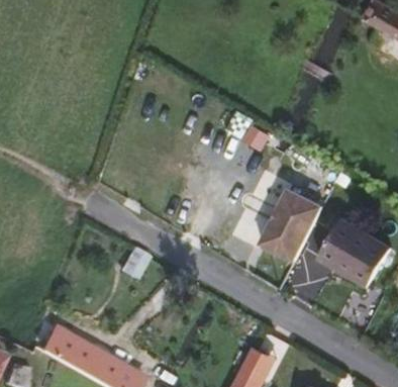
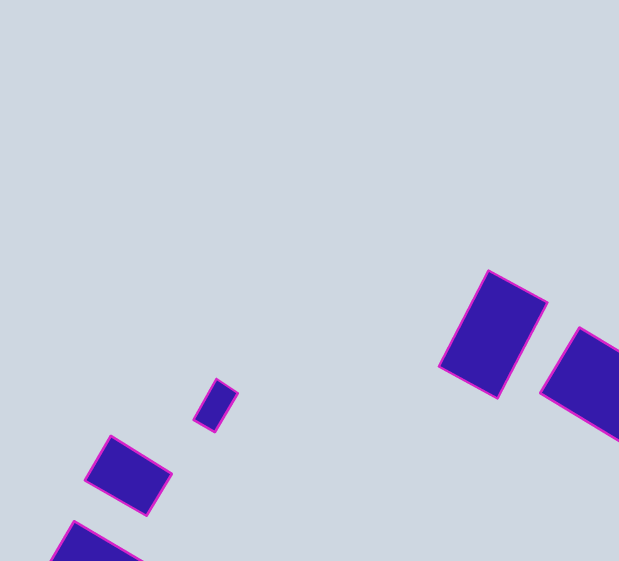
building: none -> [85,436,172,516]

